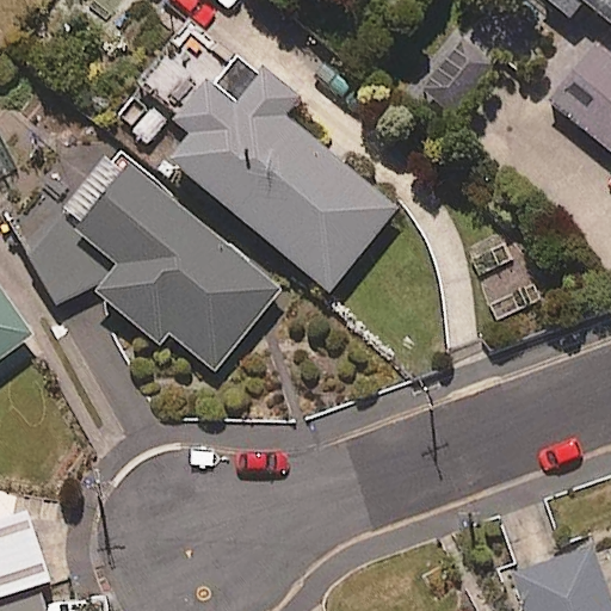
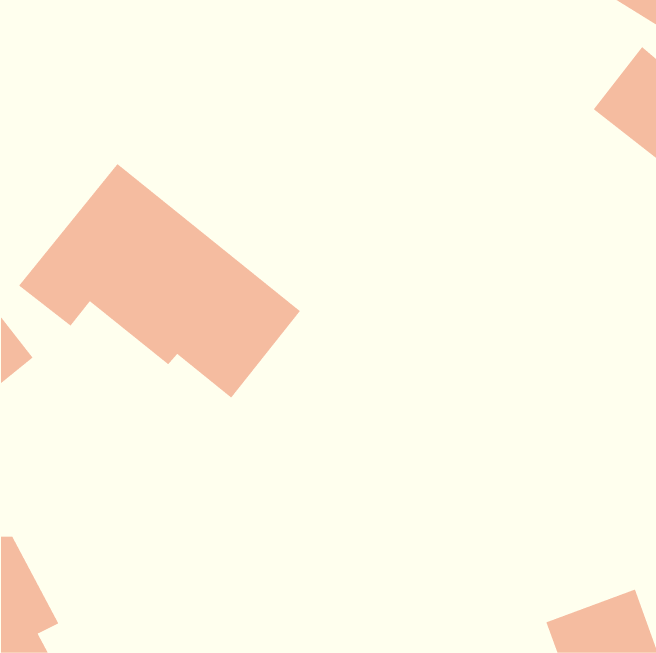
building: [152,67,397,291] -> none

